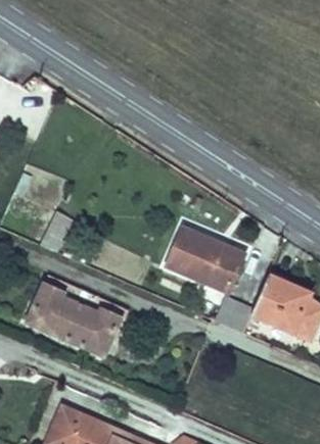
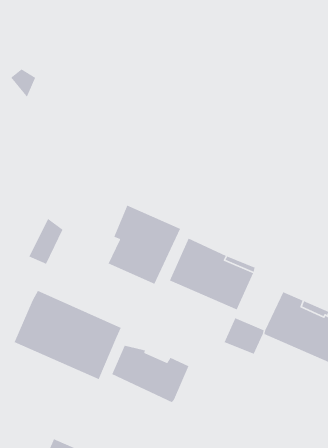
building: none -> [107,204,181,285]
building: none -> [111,345,190,403]

